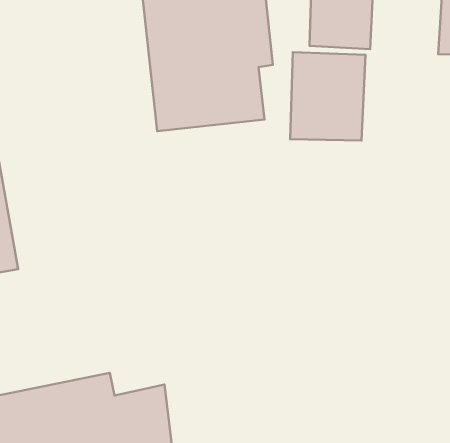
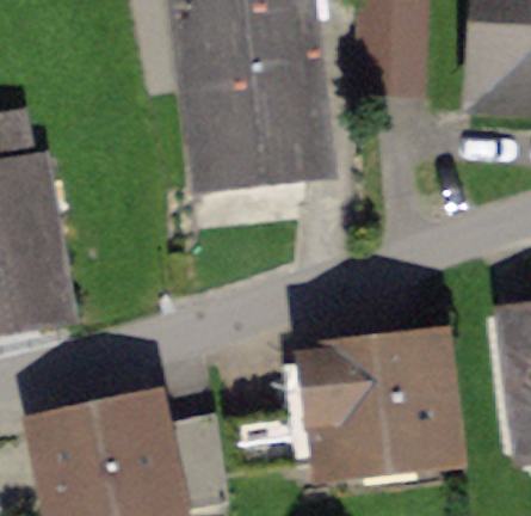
building: [290,52,365,140] -> none
building: none -> [305,351,457,468]

